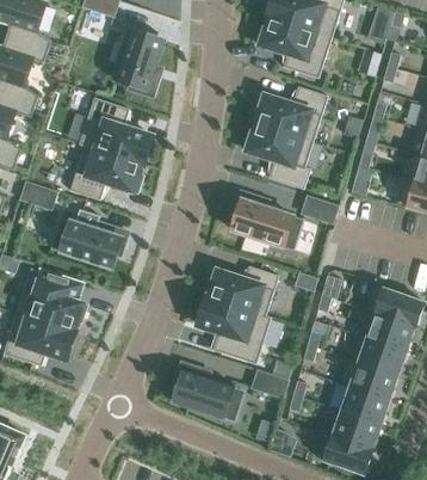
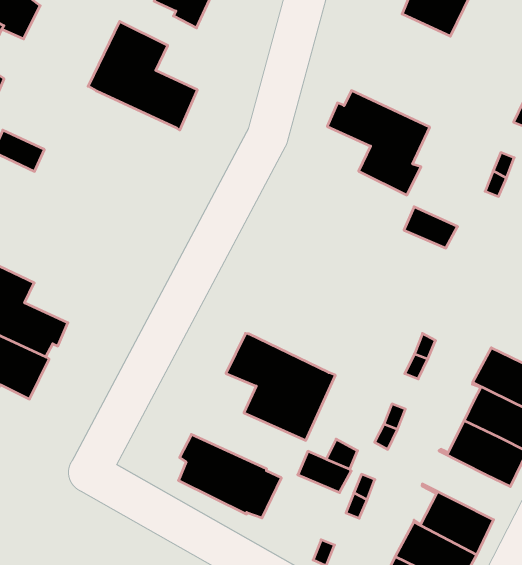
building: [255,86,328,141] -> none
building: [70,146,142,199] -> none
building: [233,197,302,248] -> none
building: [51,219,126,267] -> none
building: [208,265,278,315] -> none
building: [339,358,398,400] -> none

